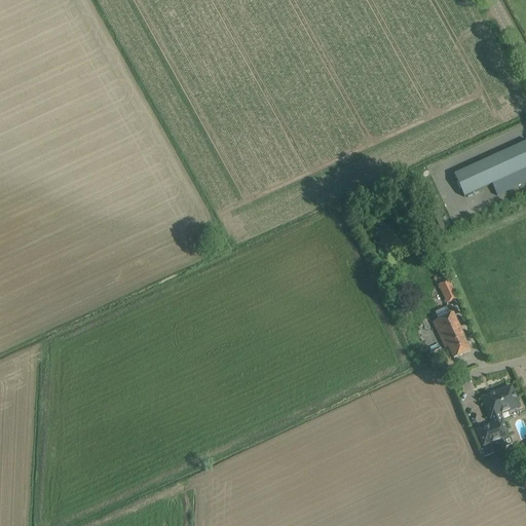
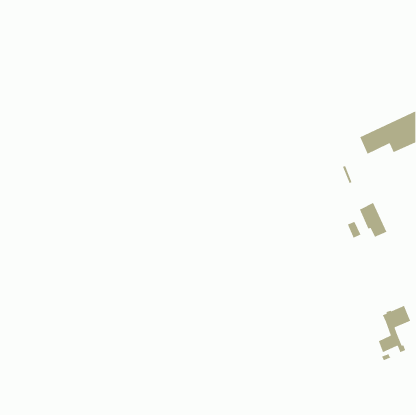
building: [434,311,469,356] -> [359,202,387,238]

